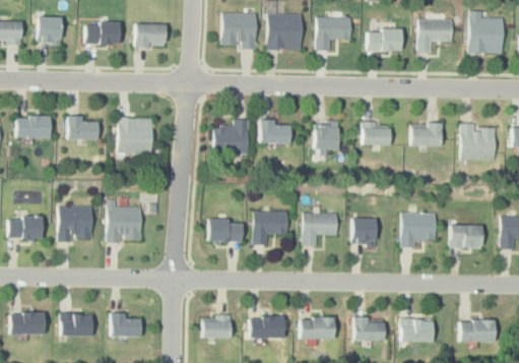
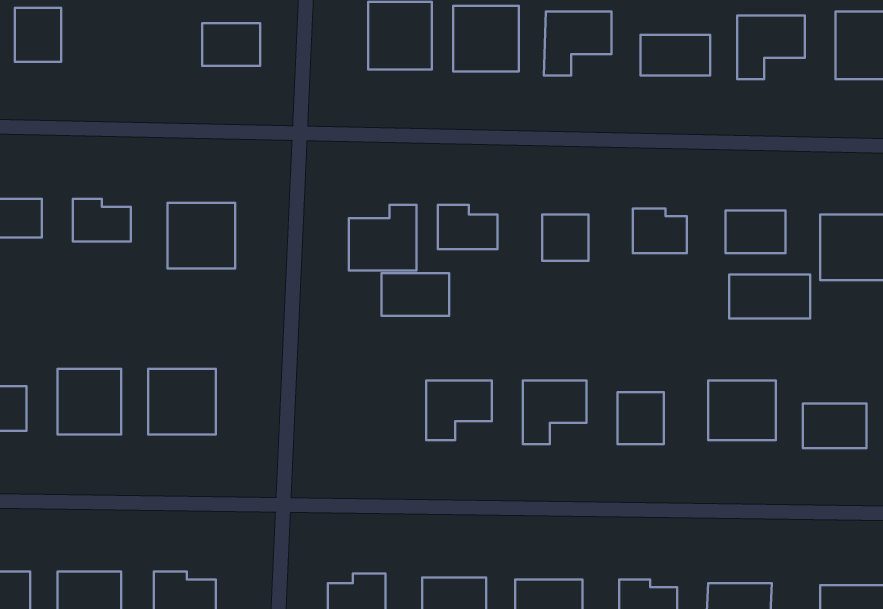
building: [84,20,120,43] -> none
building: none -> [729,275,810,319]
building: [208,219,244,241] -> [381,273,449,316]

